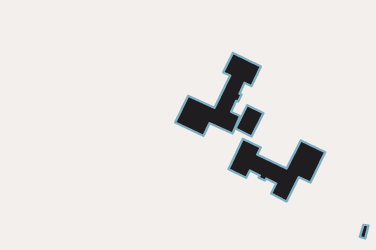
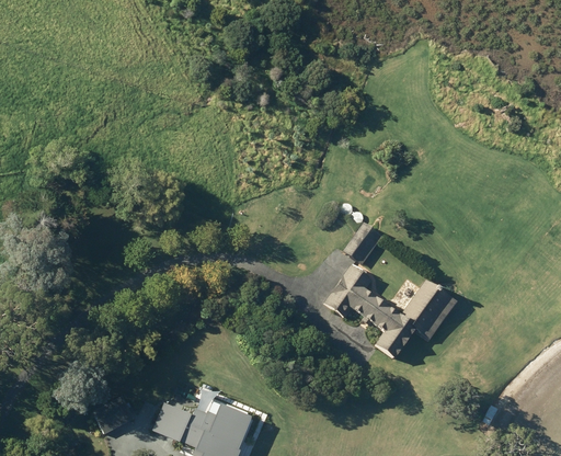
building: [175,53,261,136] -> none

